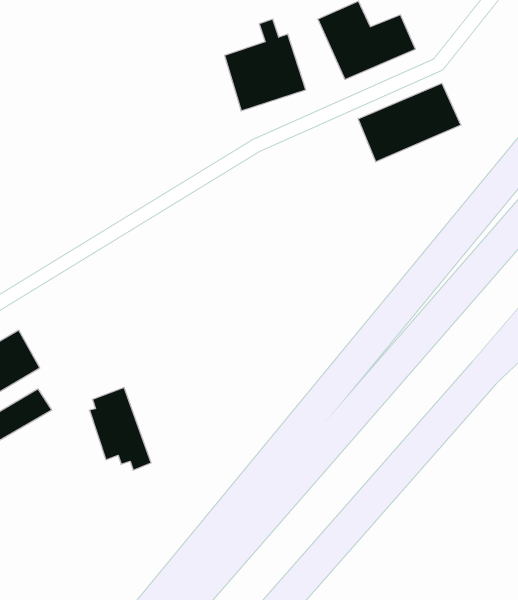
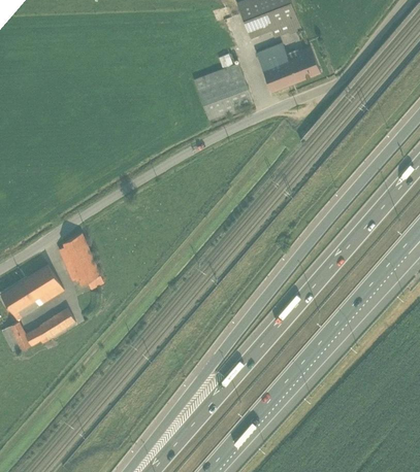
building: [358,83,461,162] -> none
building: [89,388,151,470] -> [58,232,100,289]

